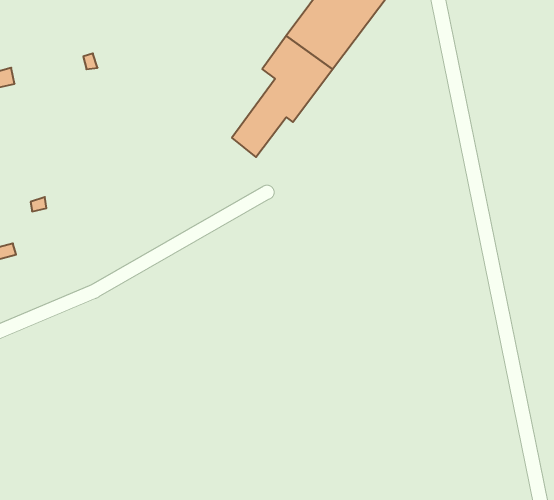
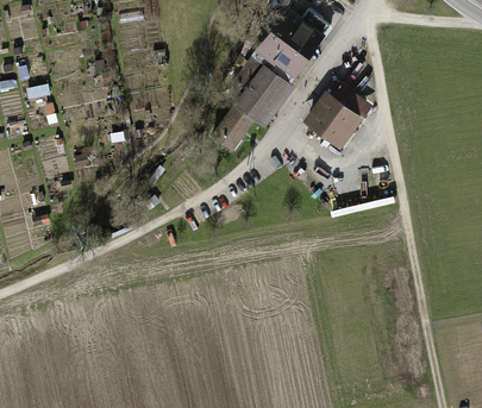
building: none -> [302,81,369,145]

